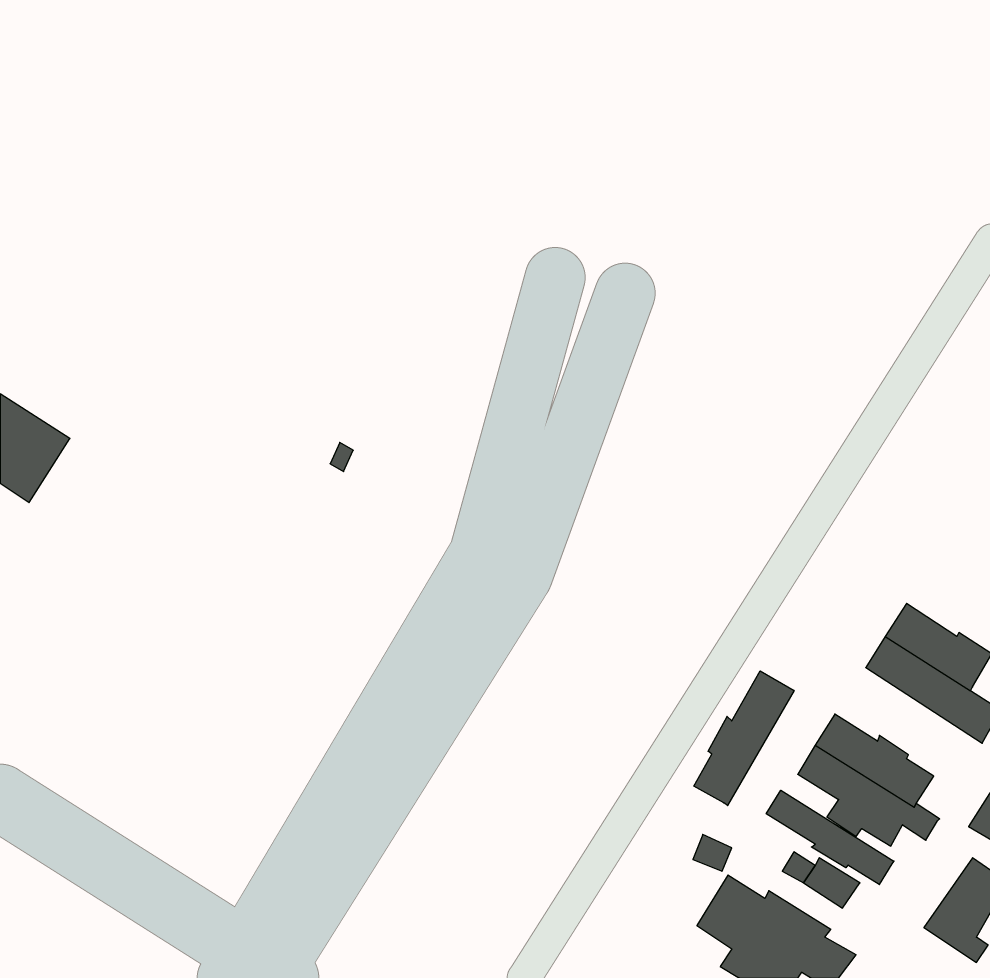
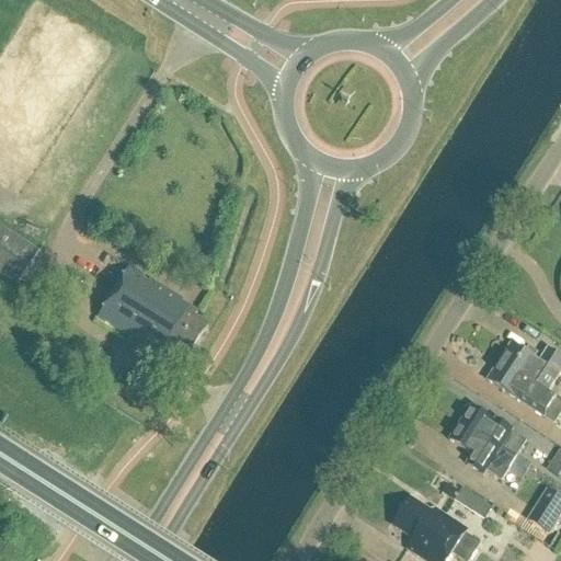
building: none -> [99,262,209,360]
building: [694,671,794,806] -> none
building: [766,790,894,885] -> none

